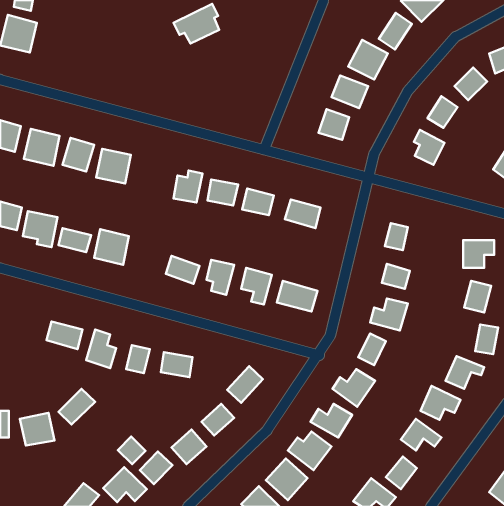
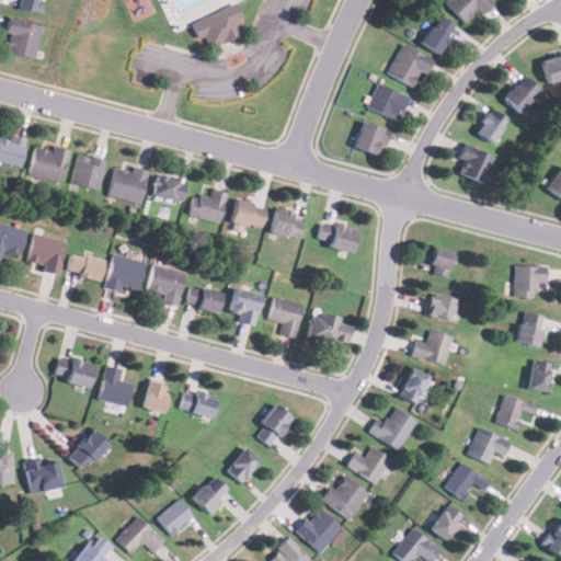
building: none -> [154,175,187,202]
building: none -> [149,265,186,306]
building: [118,437,145,464] -> none

